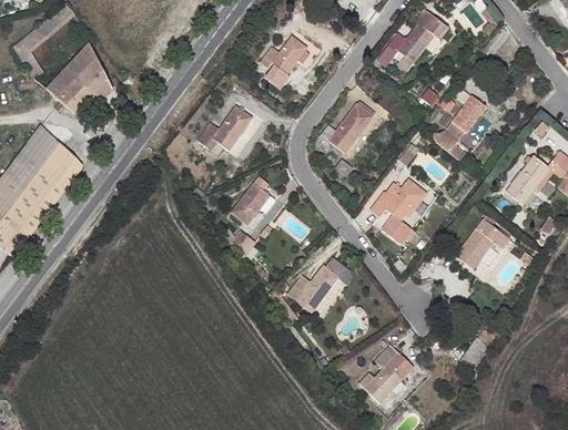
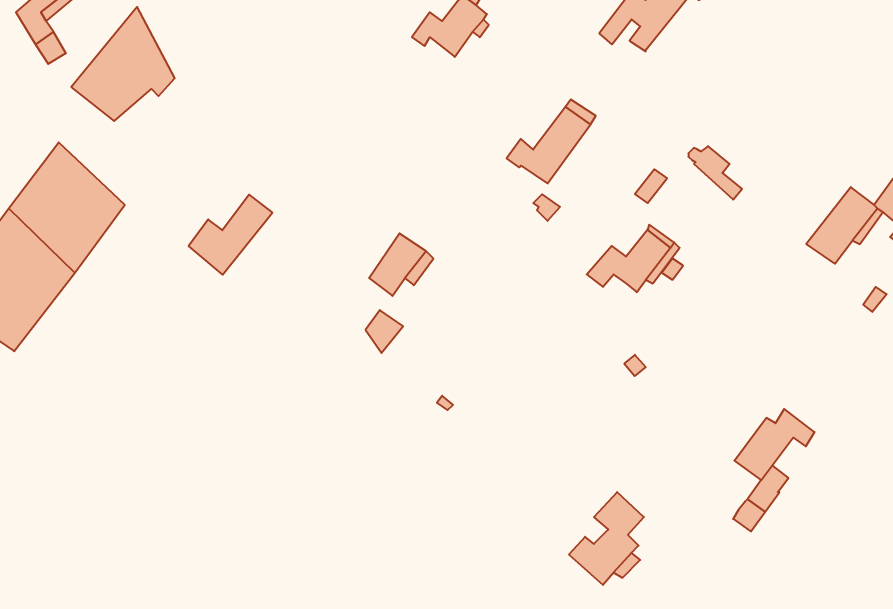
building: [445,96,485,141] -> none
building: [199,106,251,156] -> [189,195,272,275]
building: [383,215,414,245] -> none
building: [456,224,506,268] -> [734,409,815,480]
building: [287,265,338,311] -> none

